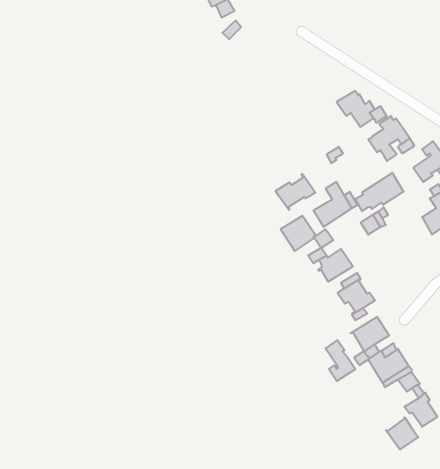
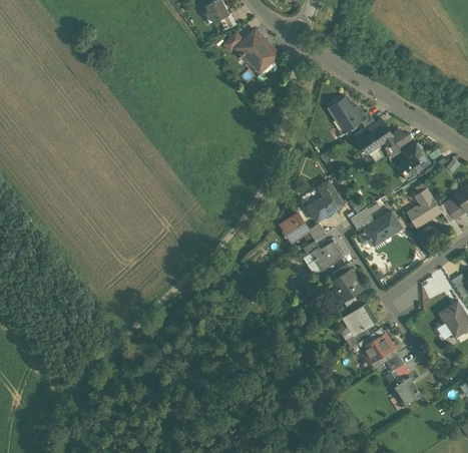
building: none -> [236,29,279,72]
building: [355,173,404,211] -> [358,210,402,246]
building: [276,174,315,210] -> none
building: [325,340,355,381] -> none
building: [386,417,418,450] -> none

